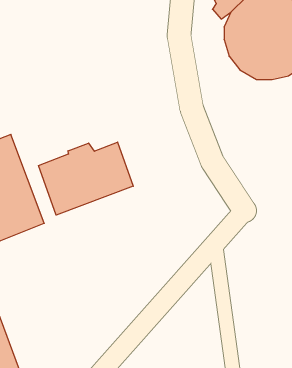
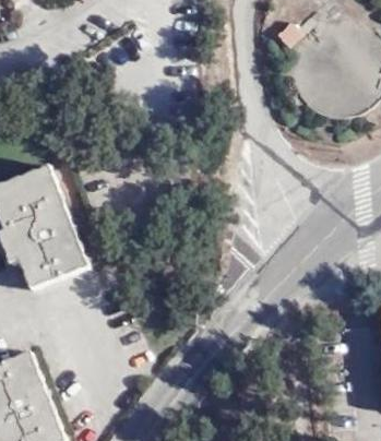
building: [38,142,133,215] -> none

